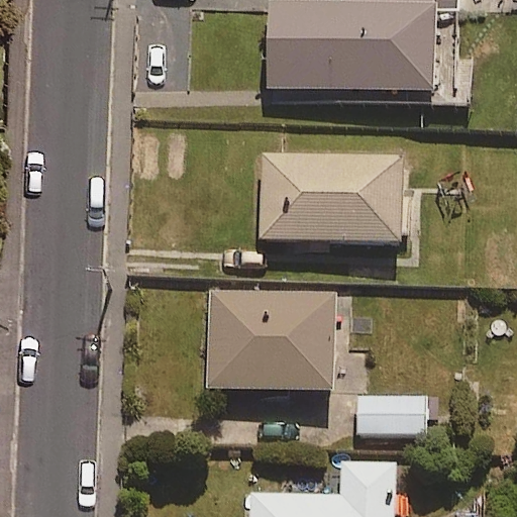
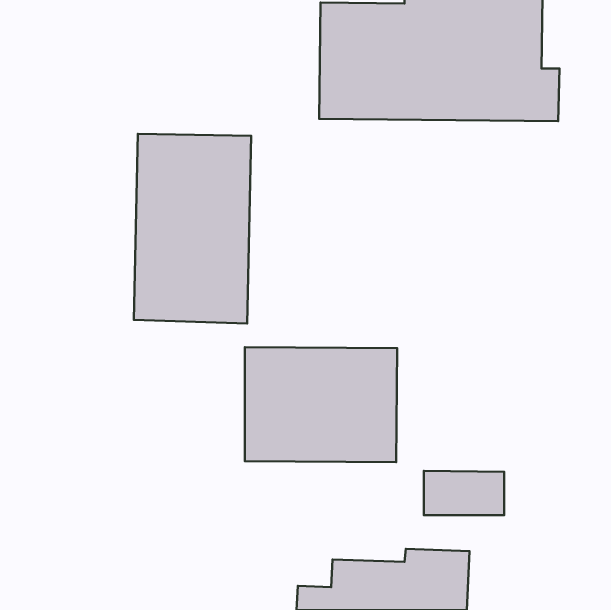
building: none -> [134,134,251,323]
building: [261,153,402,240] -> none

